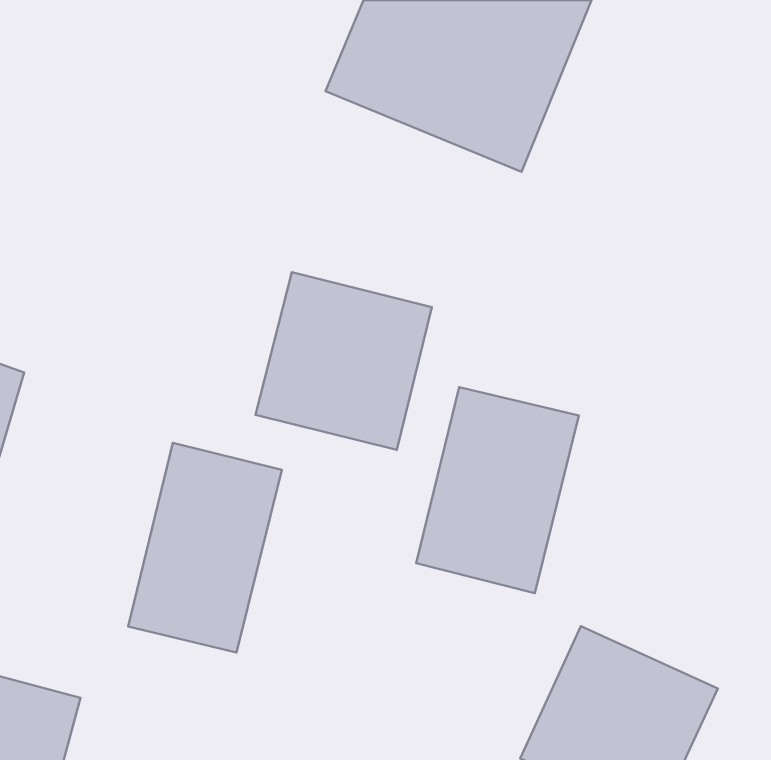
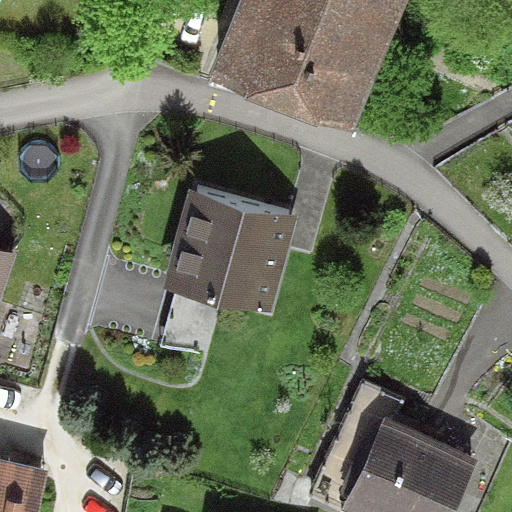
building: [416,387,579,593] -> none
building: [128,443,282,653] -> none

